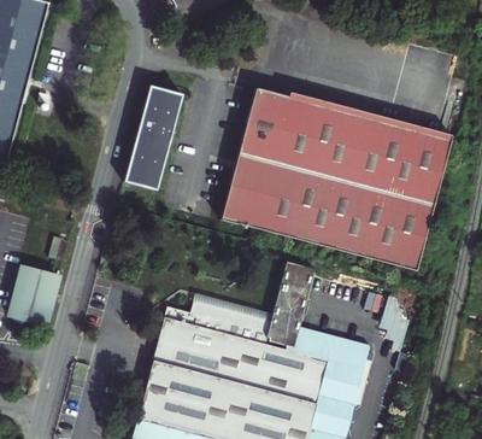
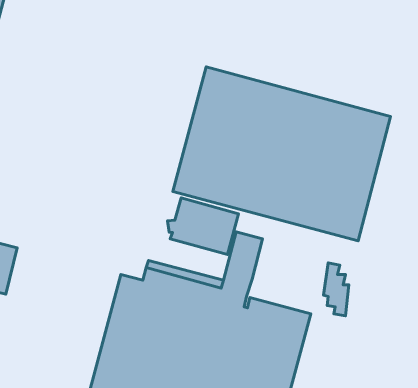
building: [125,84,183,189] -> none
building: none -> [168,198,238,255]

